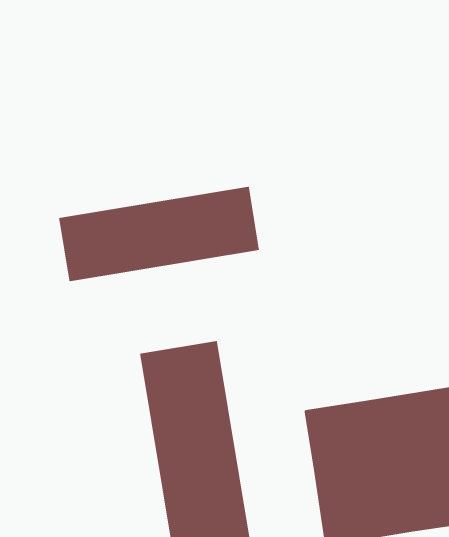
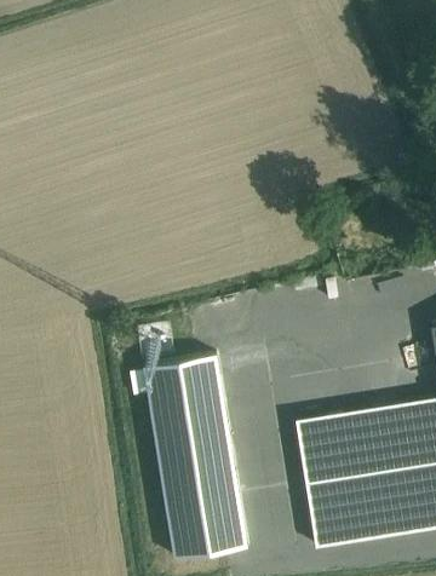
building: [58,186,260,282] -> none

